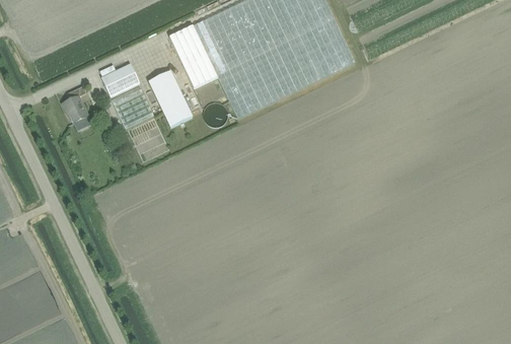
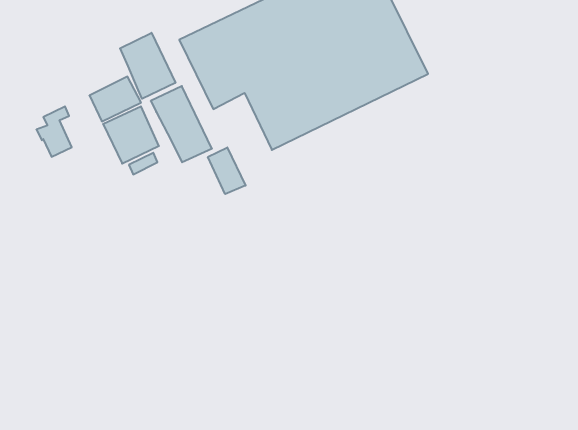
building: none -> [120,33,175,99]
building: none -> [208,147,246,194]

